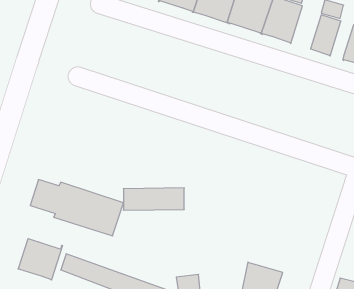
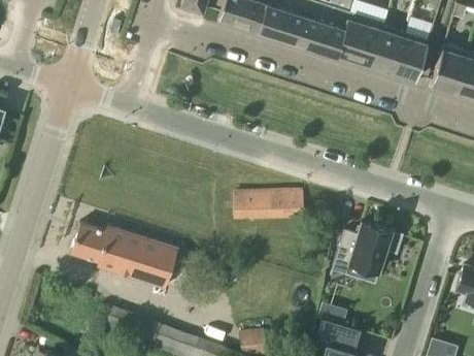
building: none -> [371,23,406,72]
building: none -> [333,223,403,276]
building: [123,188,184,210] -> [234,193,304,219]
building: [18,239,63,280] -> none

